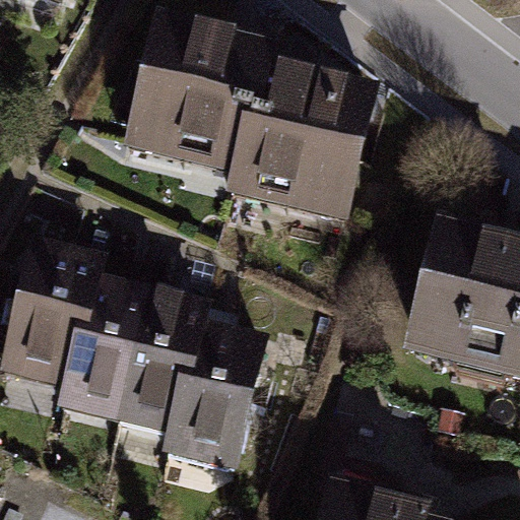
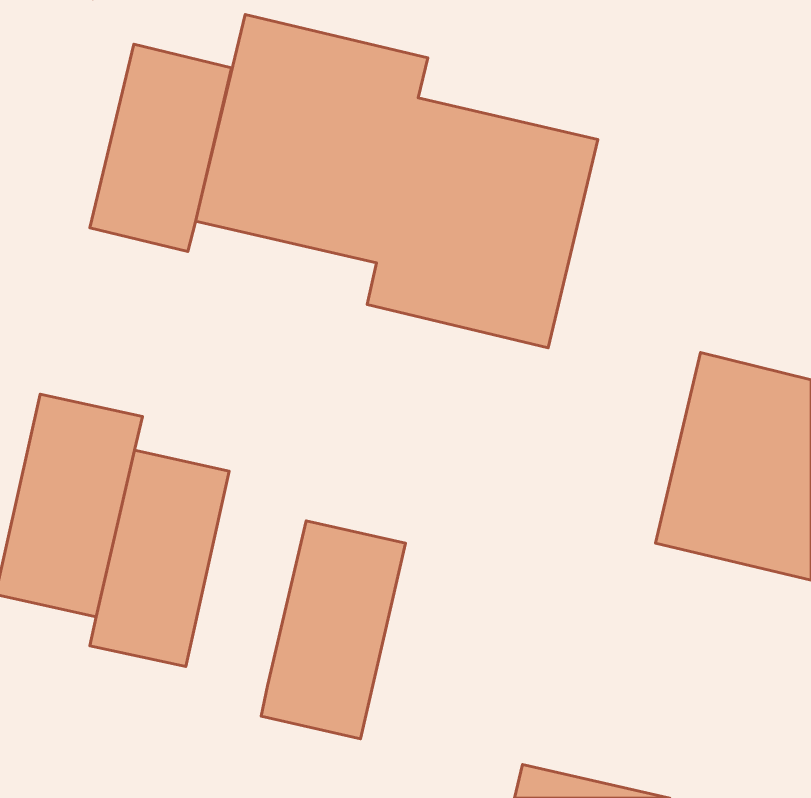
building: none -> [90,44,232,251]
building: [118,299,198,435] -> none

